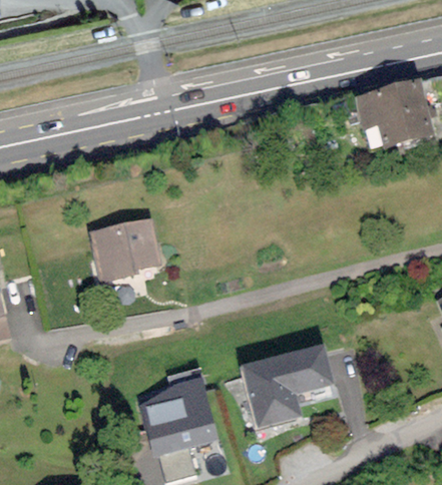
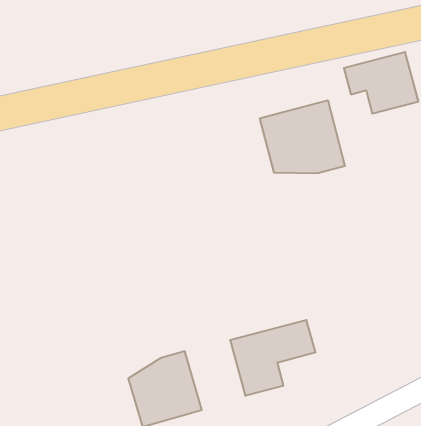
building: none -> [260,100,345,173]
building: [92,220,160,277] -> none

